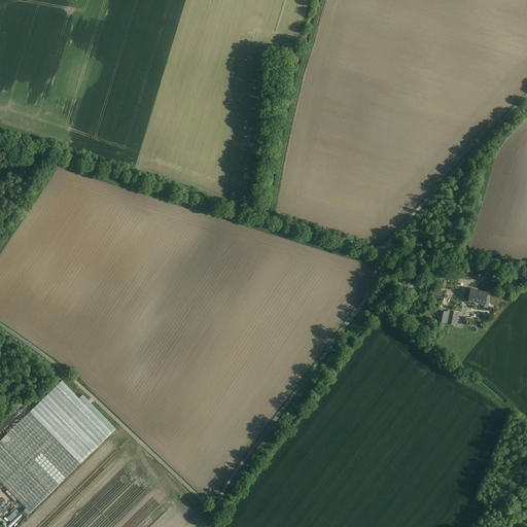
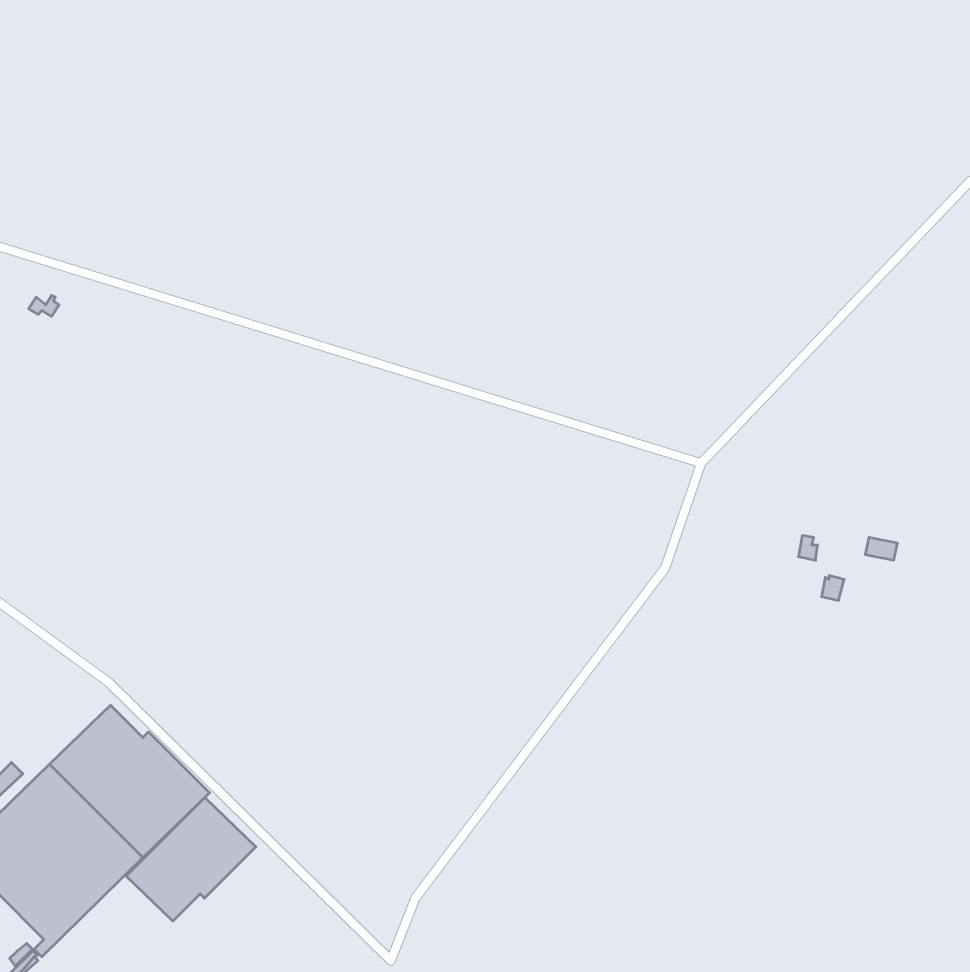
building: none -> [126,797,256,921]

